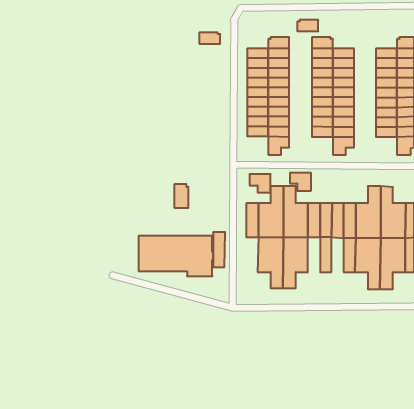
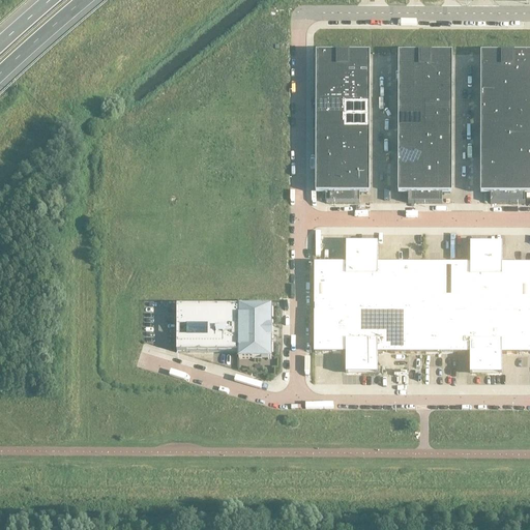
building: [297,20,318,31] -> [425,48,452,62]
building: [199,32,220,44] -> [316,48,343,62]
building: none -> [480,48,507,62]
building: none -> [480,175,507,198]
building: [290,173,311,191] -> [399,175,425,198]
building: [250,174,271,193] -> [316,174,343,198]
building: [175,184,188,208] -> none
building: [213,232,225,267] -> [315,303,330,348]
building: none -> [393,303,409,348]
building: none -> [423,303,439,348]

